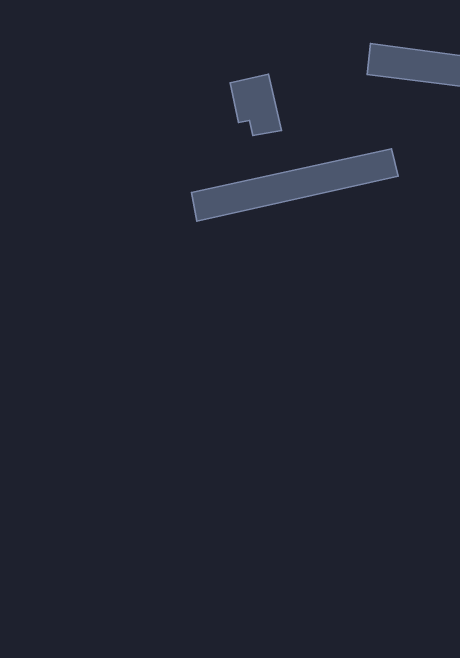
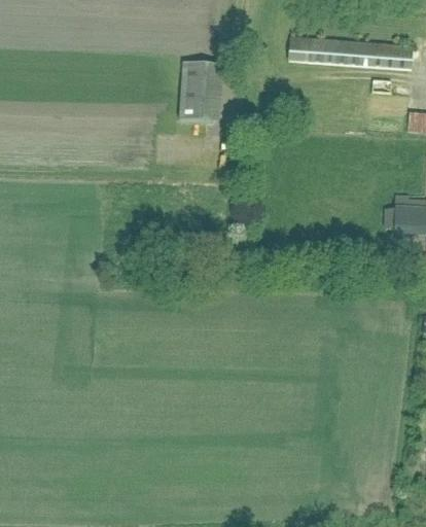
building: [192,149,398,221] -> none

